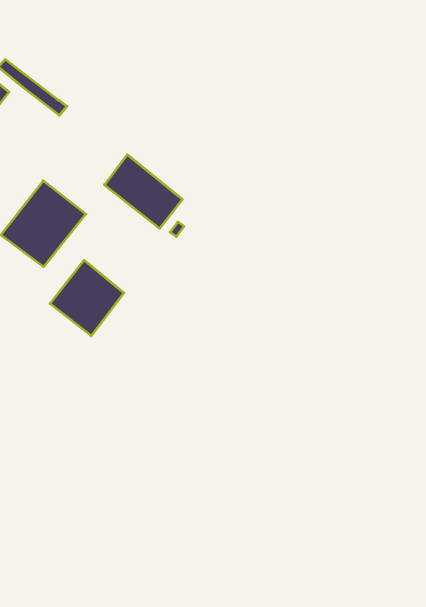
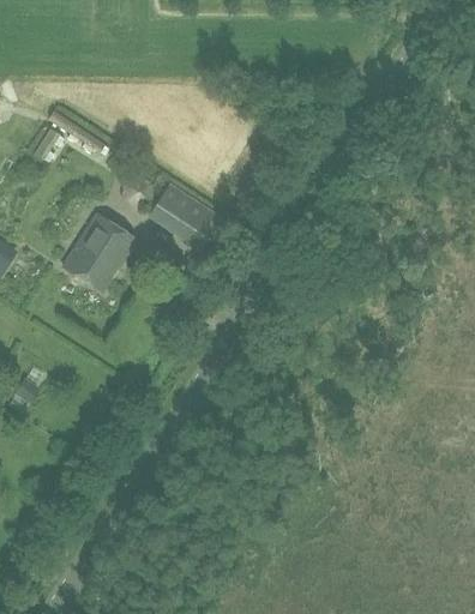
building: [50,260,124,336] -> none

